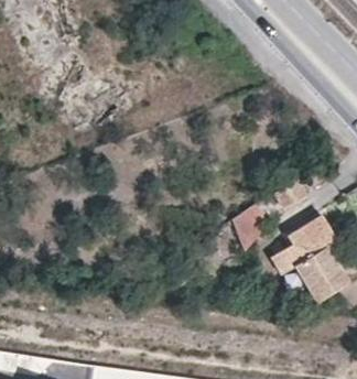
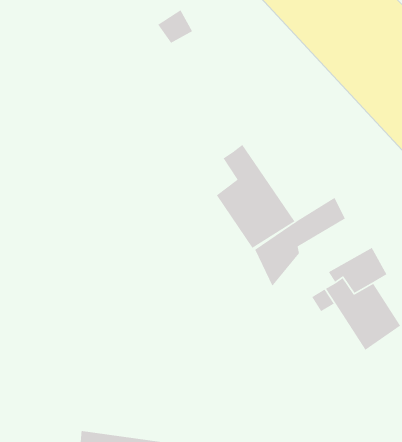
building: none -> [216,144,295,249]

